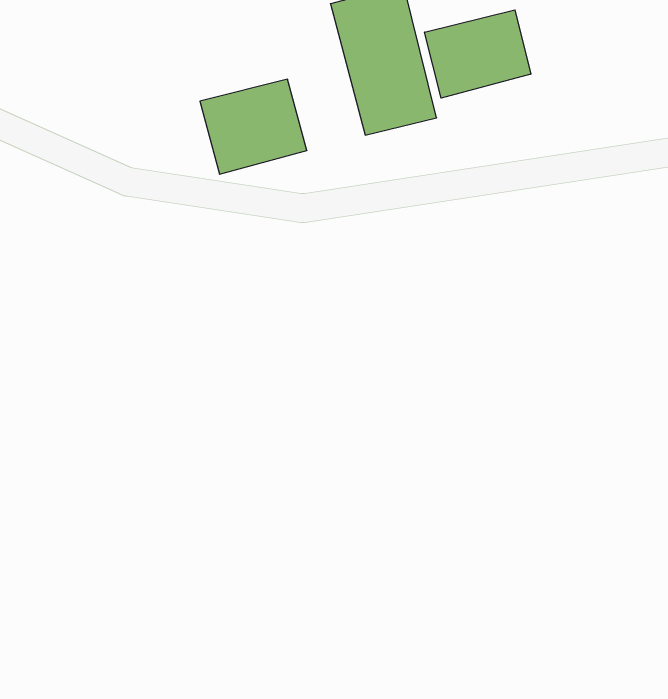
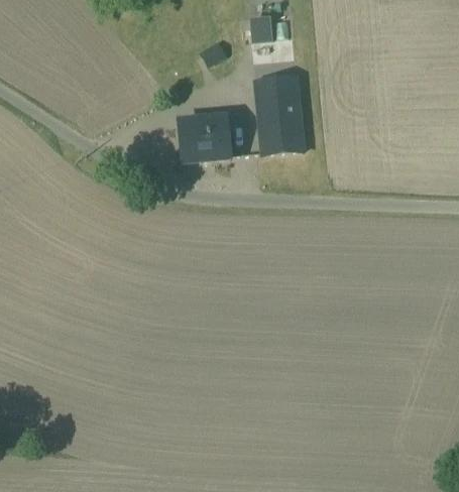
building: [425,10,531,98] -> none

